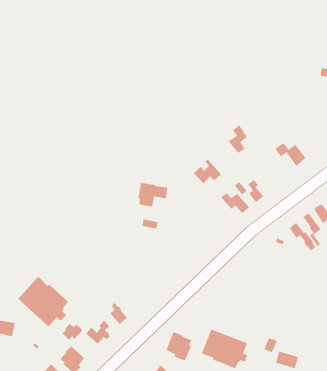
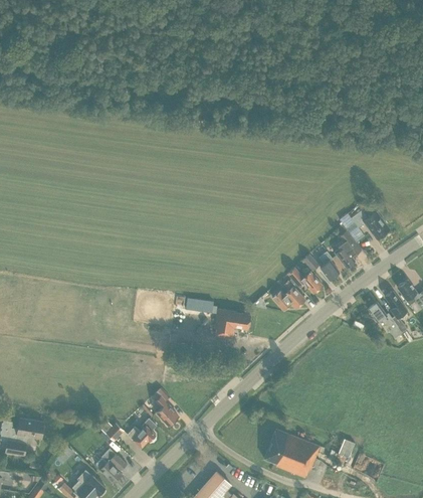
building: [228,124,248,154] -> [334,229,358,265]
building: [193,159,222,184] -> [271,281,305,311]
building: [138,182,168,207] -> [214,309,250,339]
building: [18,276,69,328] -> none
building: [165,331,193,362] -> none

